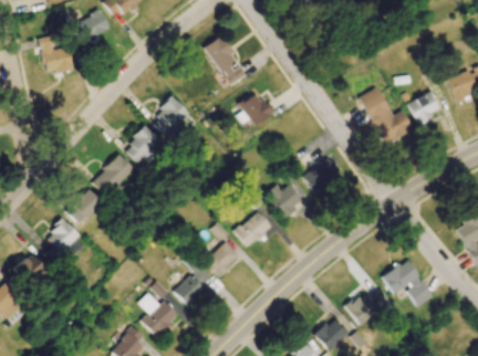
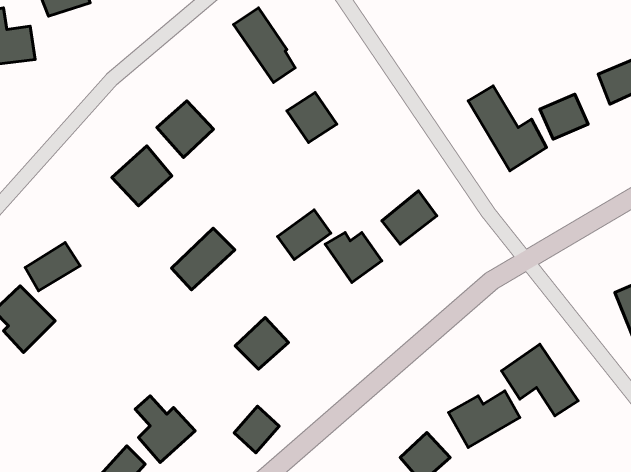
building: [92,155,134,196] -> [172,228,235,290]
building: [236,212,271,245] -> [277,210,331,260]
building: [175,275,205,306] -> [234,406,279,453]

